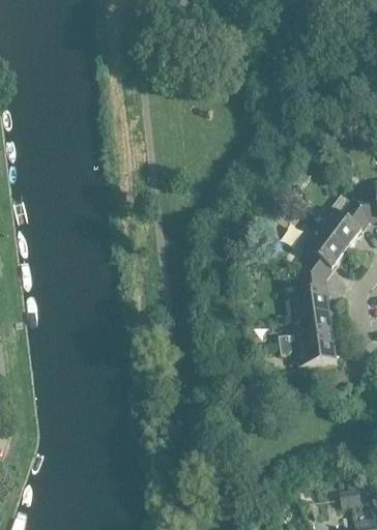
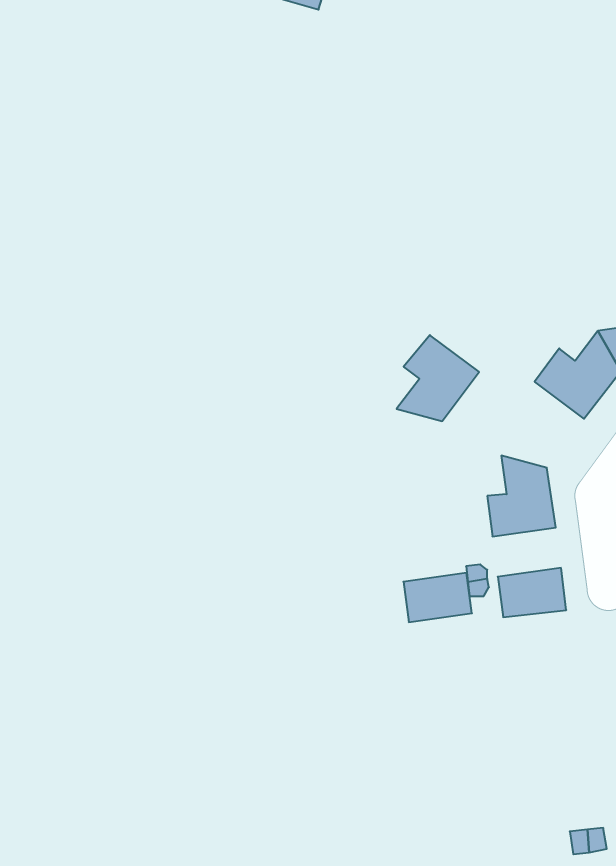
building: [299,227,348,277] -> [397,335,479,421]
building: [294,313,335,342] -> [403,573,472,622]

